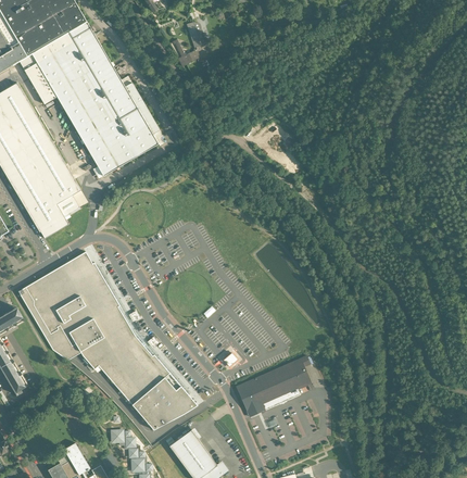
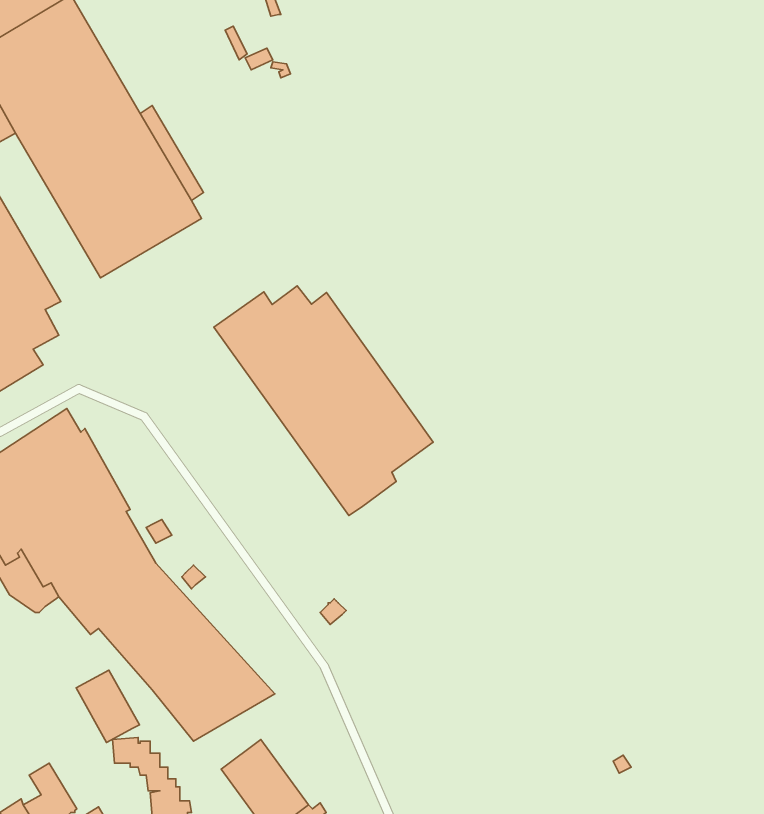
building: none -> [214,286,433,516]
building: [236,355,311,416] -> none
building: none -> [76,670,139,742]

